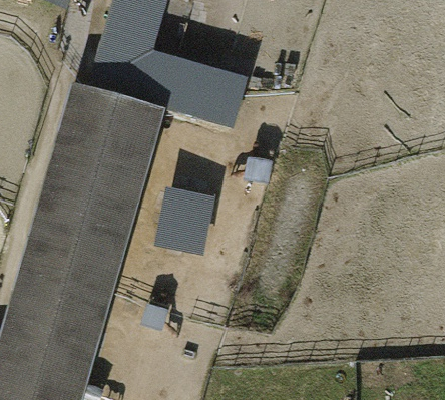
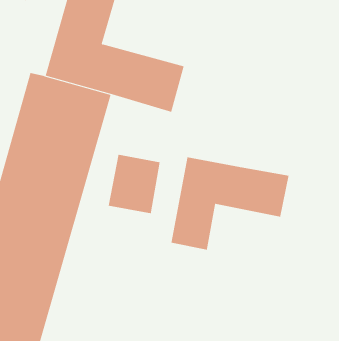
building: none -> [171,156,289,250]

